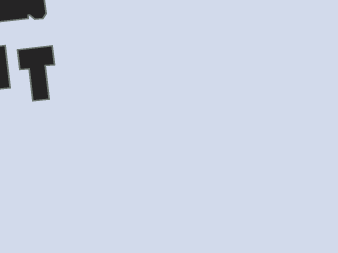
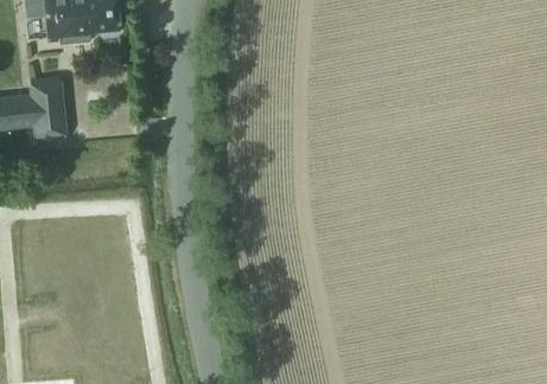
building: [17,46,54,101] -> none

